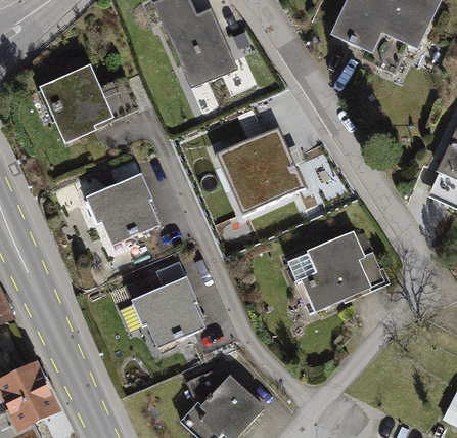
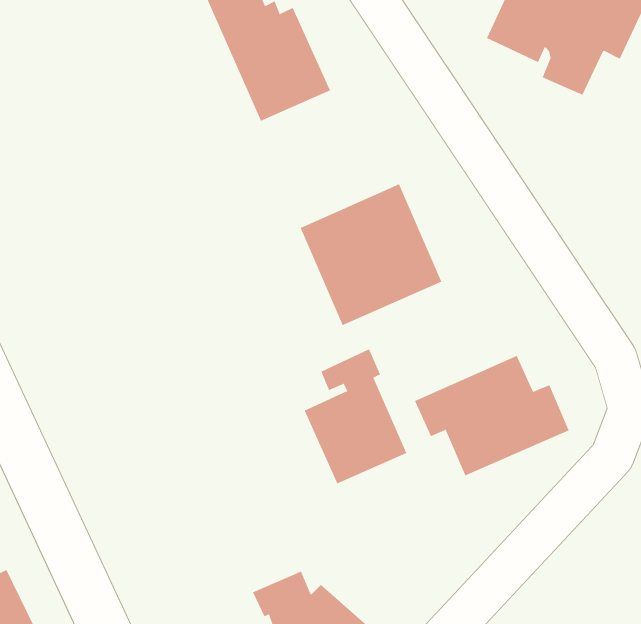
building: [49,69,137,141] -> none
building: [93,178,157,244] -> none
building: [138,262,202,347] -> [304,349,407,484]

